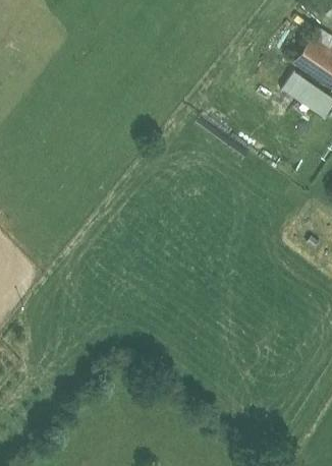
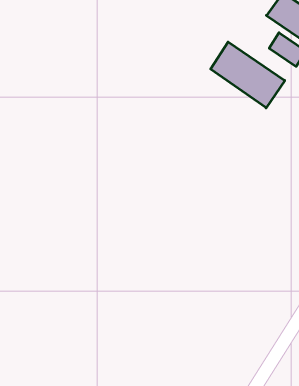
building: none -> [211,42,285,108]

